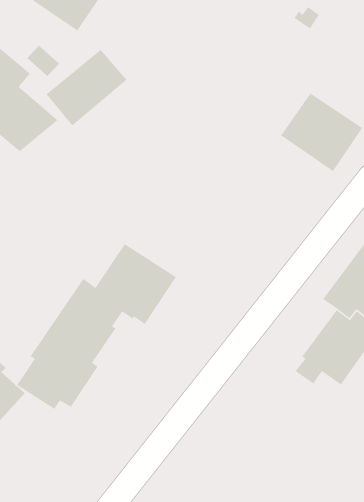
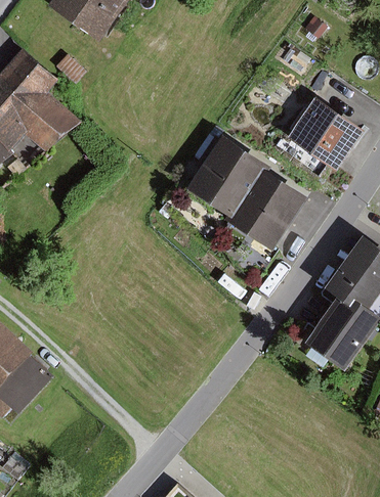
building: [45,49,128,126] -> none
building: none -> [188,133,310,252]
building: [16,243,177,410] -> none

